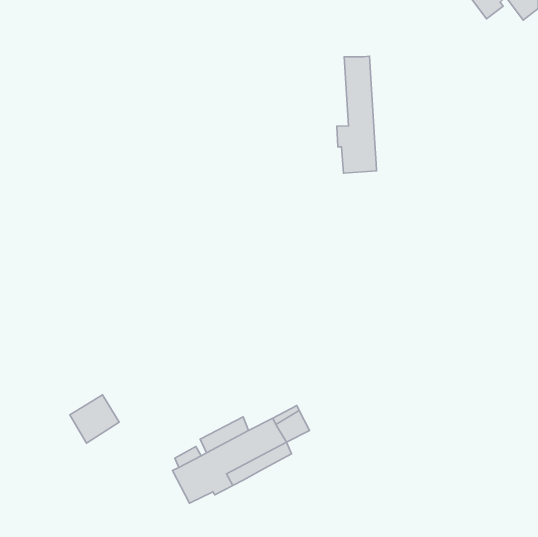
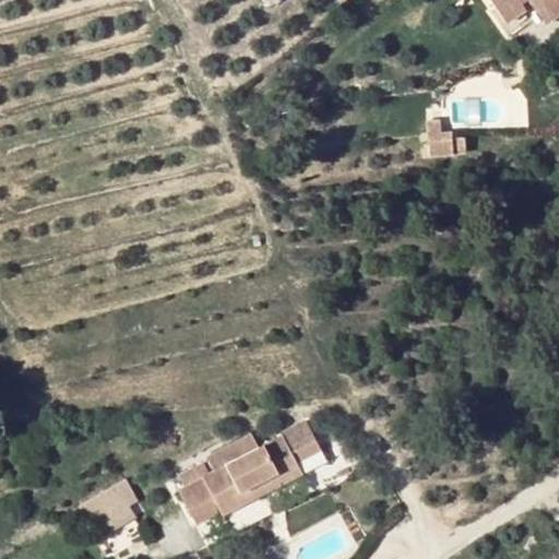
building: [337,56,377,173] -> none
building: none -> [430,118,469,155]
building: [70,395,119,443] -> [83,489,134,539]

